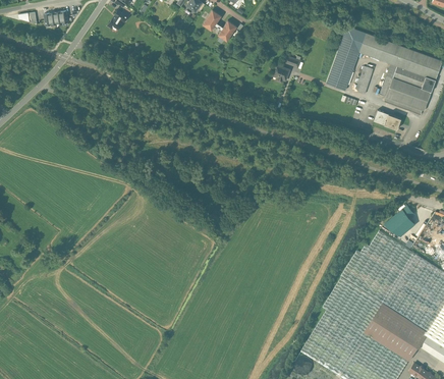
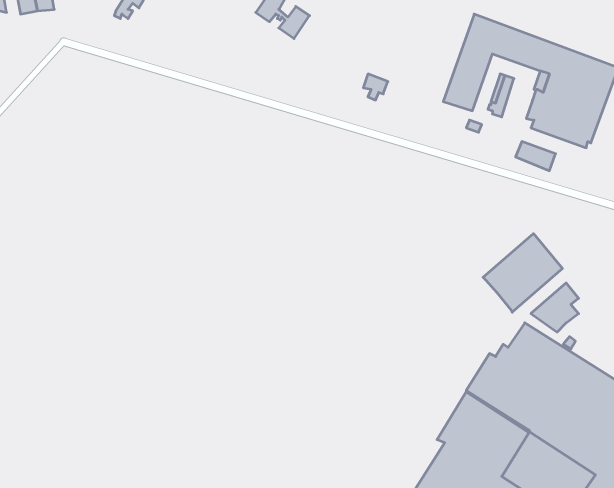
building: none -> [483,234,562,312]

